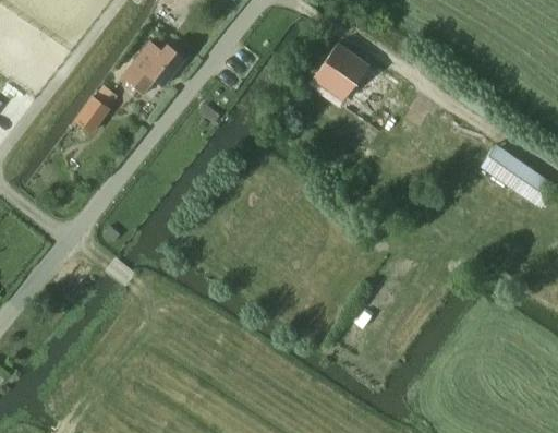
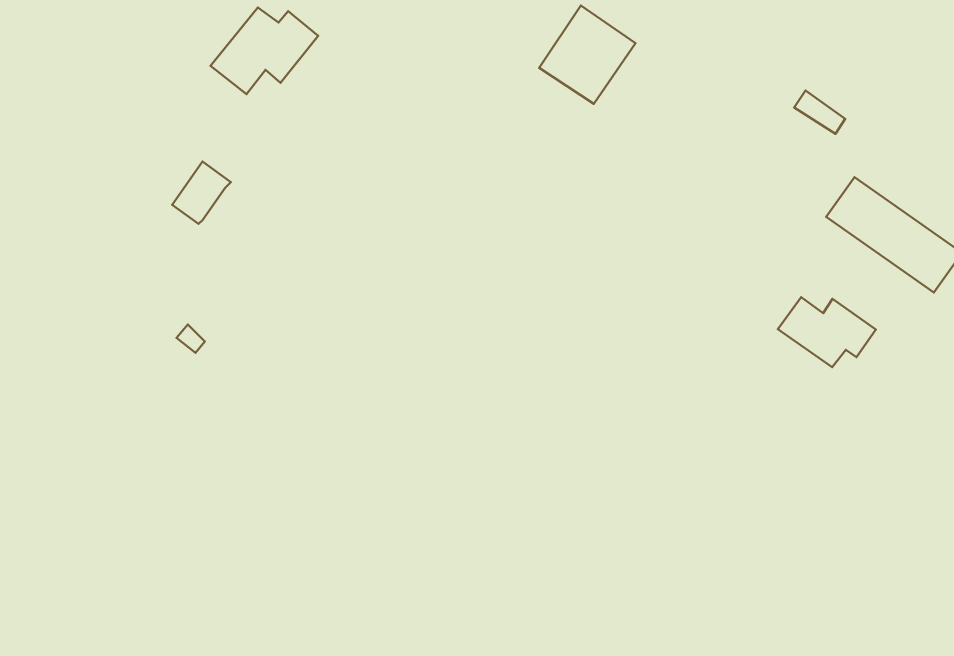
building: [75,96,109,132] -> [172,162,231,224]
building: none -> [778,297,876,367]

